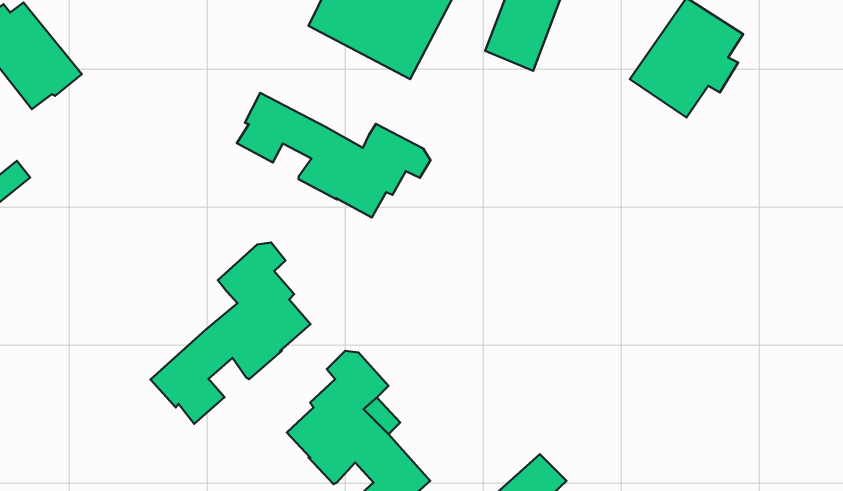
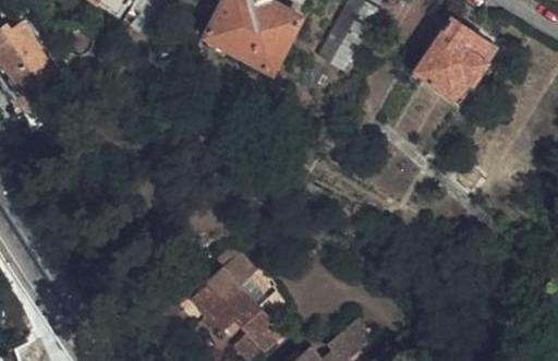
building: [237,93,431,217] -> none
building: [151,242,310,424] -> none

